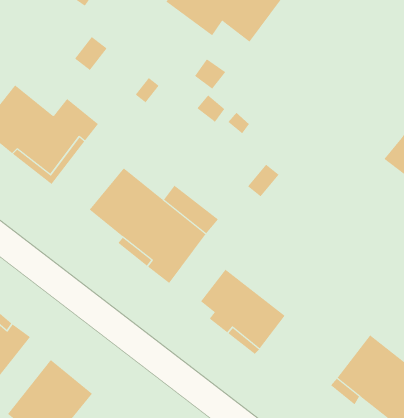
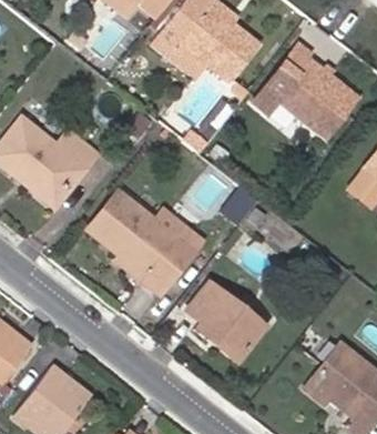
building: none -> [255,49,358,138]

